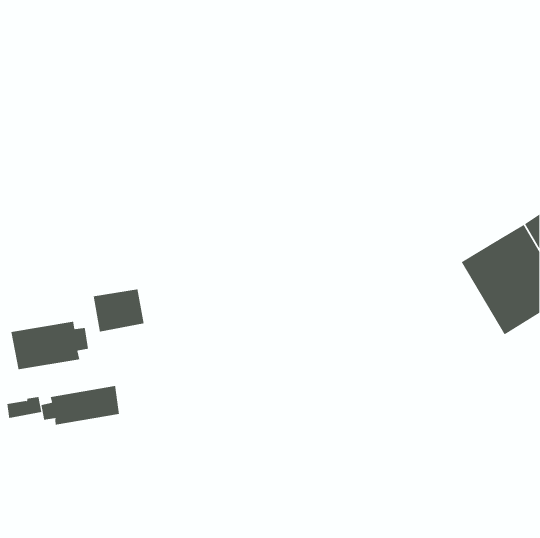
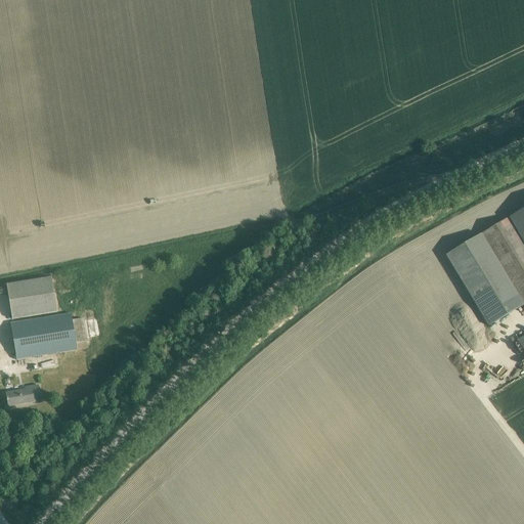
building: [93,289,145,332] -> [6,275,56,317]
building: [41,385,120,425] -> none

